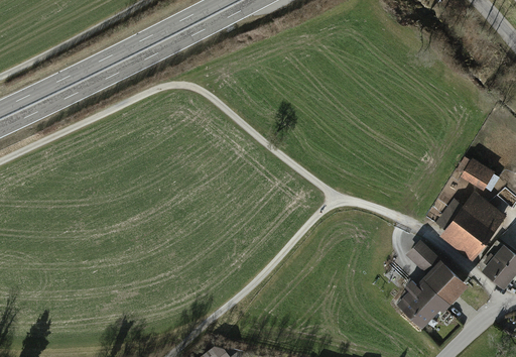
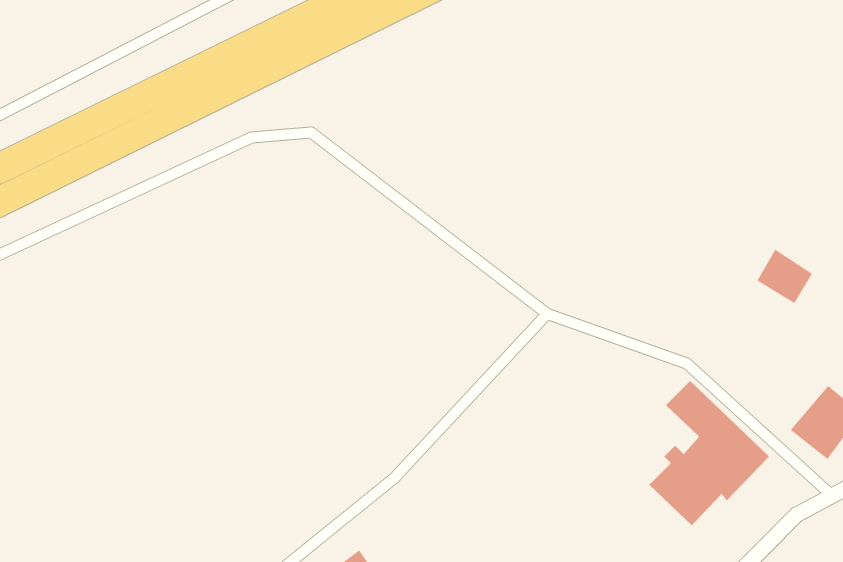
building: [433,192,506,261] -> none

